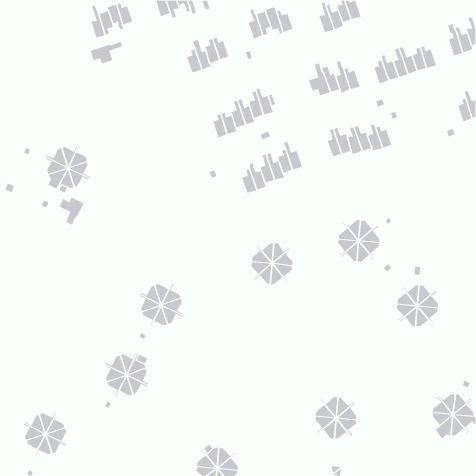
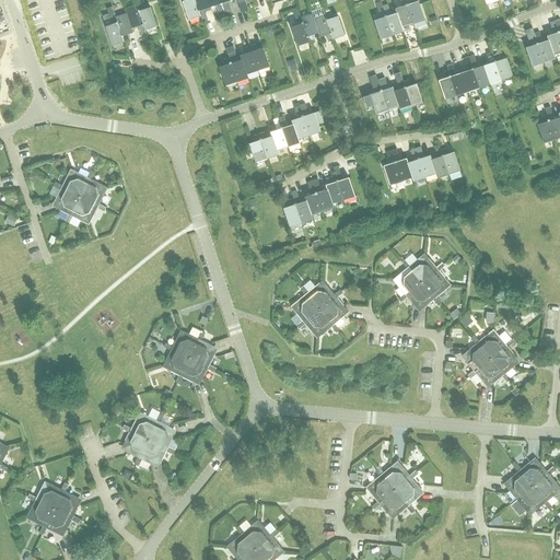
building: [90,41,123,64] -> none
building: [59,197,84,226] -> none

